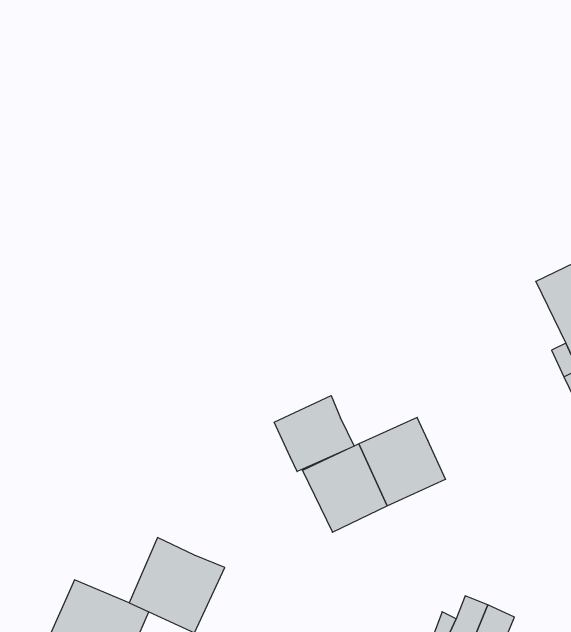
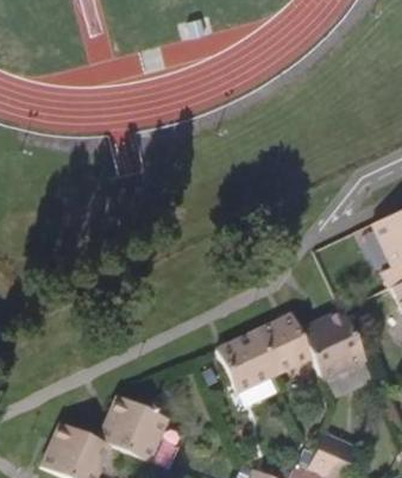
building: [274,396,354,472] -> none
building: none -> [300,312,366,380]

